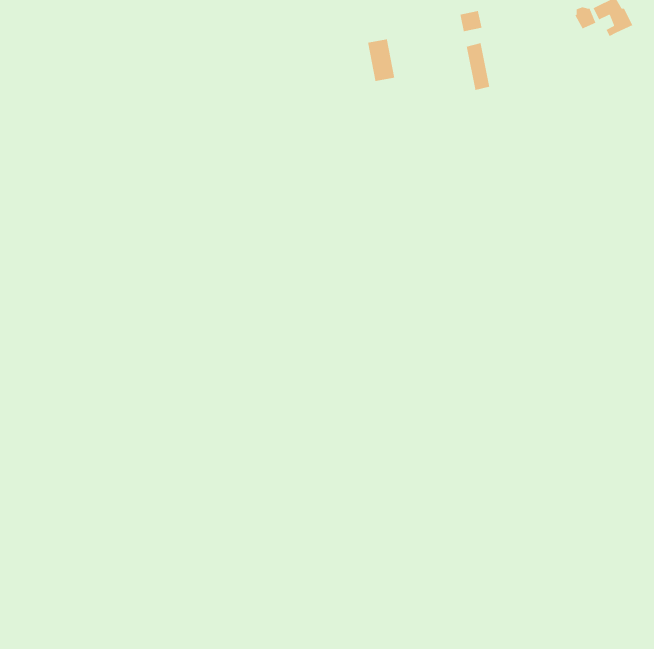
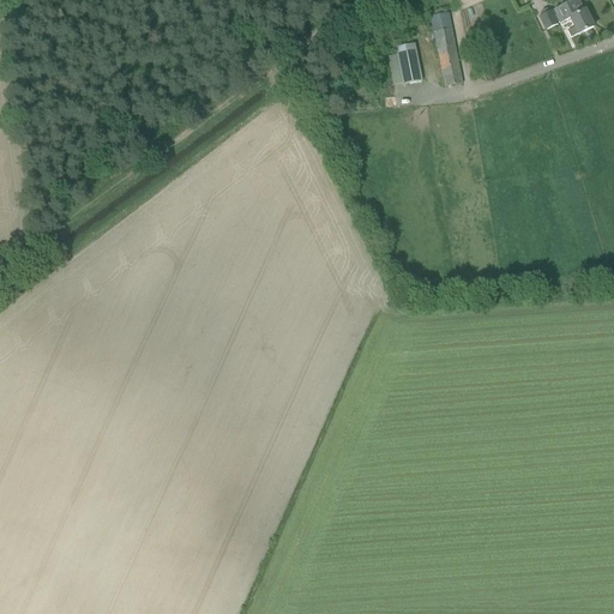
building: [367,38,395,82] -> [396,41,422,82]

